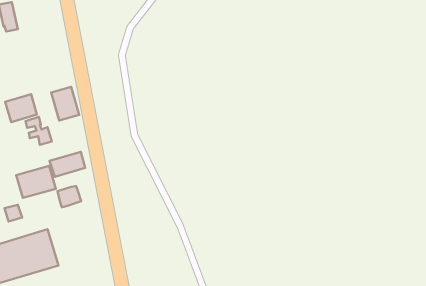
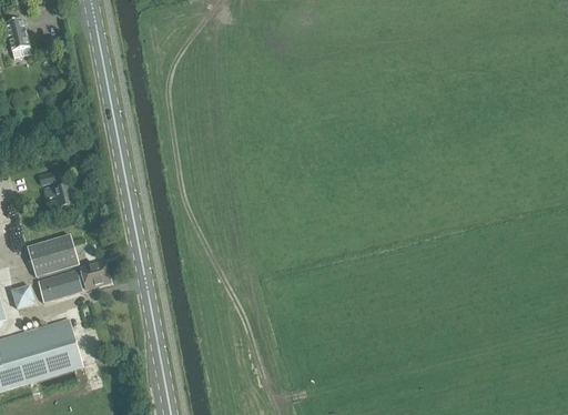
building: [51,87,79,120] -> none
building: [5,94,37,122] -> none
building: [50,152,85,177] -> [37,269,83,302]

